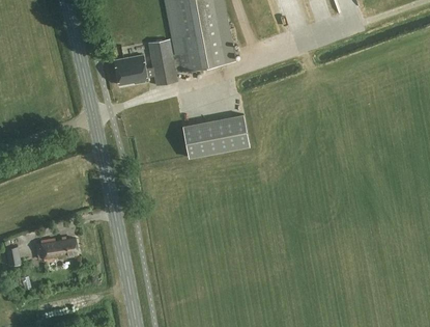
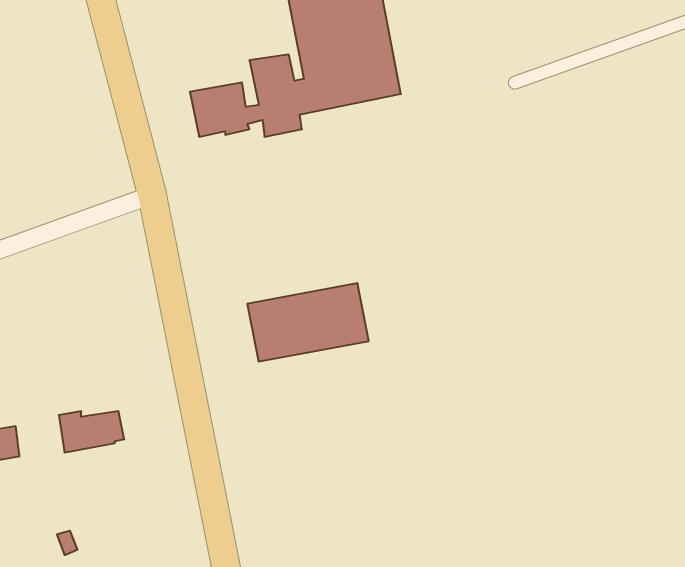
building: [181,115,249,159] -> [247,283,369,362]

